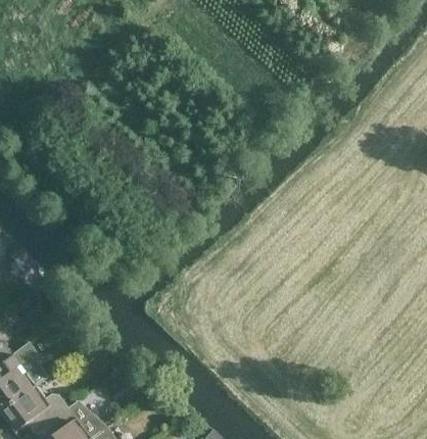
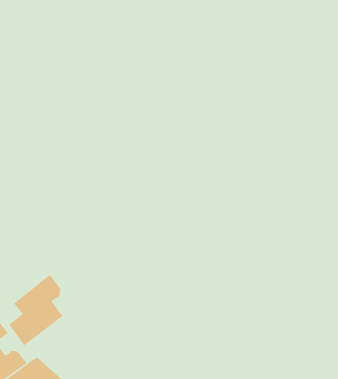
building: none -> [8,274,64,346]

